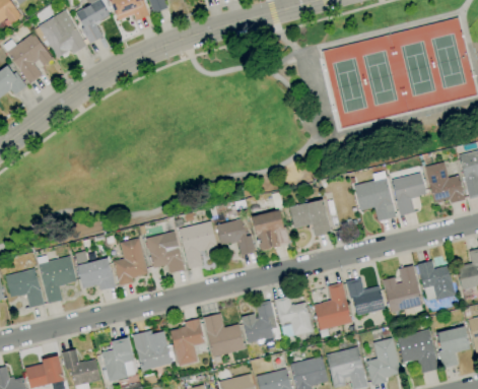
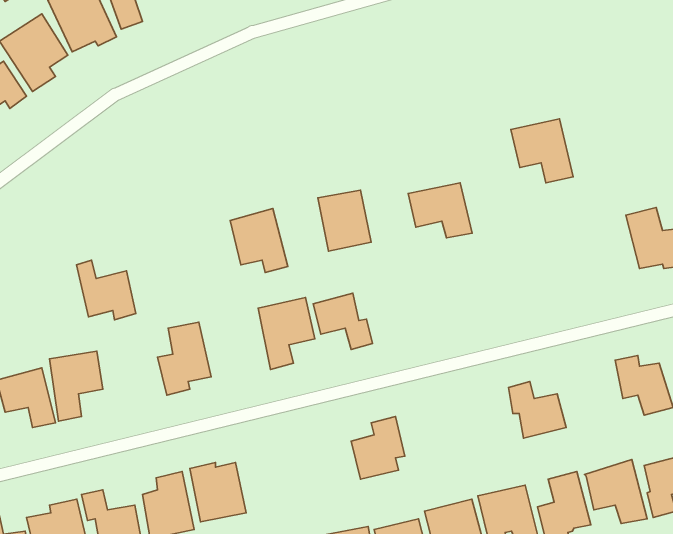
building: [392,173,425,215] -> none
building: [354,178,396,220] -> [511,119,573,183]
building: [289,199,332,236] -> [408,183,472,238]
building: [253,210,288,251] -> [318,190,371,251]
building: [146,231,185,273] -> [230,208,288,272]
building: [75,251,115,290] -> [76,260,136,320]
building: [383,264,422,313] -> none
building: [314,282,352,331] -> none
building: [275,296,313,335] -> none
building: [204,313,246,356] -> none
building: [170,319,204,367] -> none

